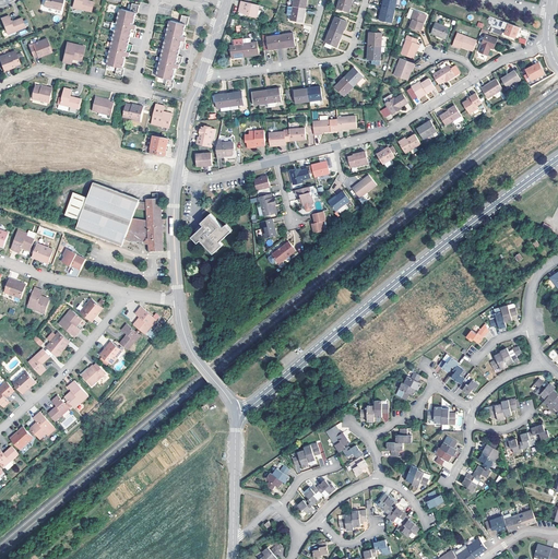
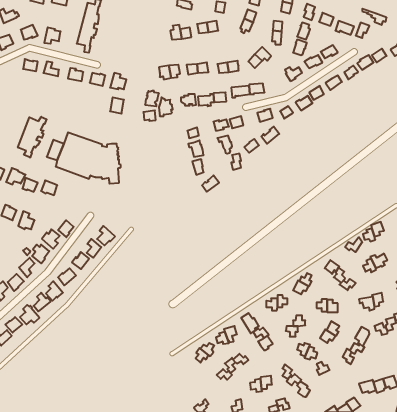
building: [154,14,186,87] -> none
building: none -> [18,117,47,158]
building: [192,214,230,253] -> none

